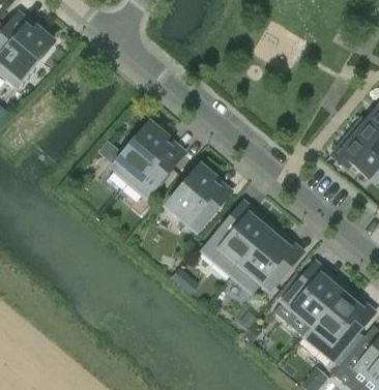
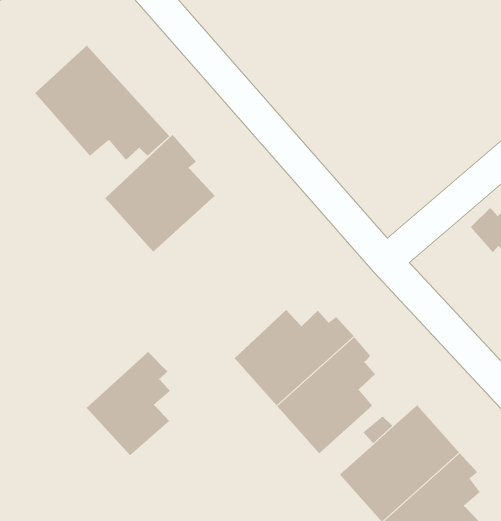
building: none -> [34,45,170,161]
building: [168,166,218,229] -> [86,351,171,456]

